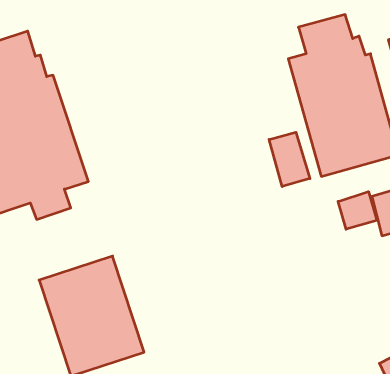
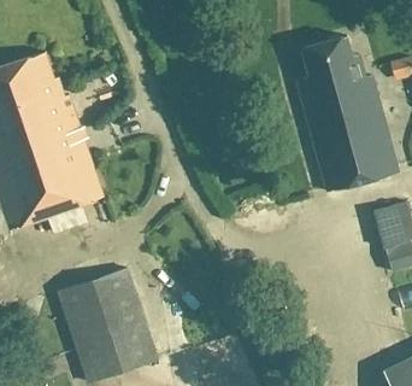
building: [269,132,310,187] -> none
building: [338,192,377,229] -> none

